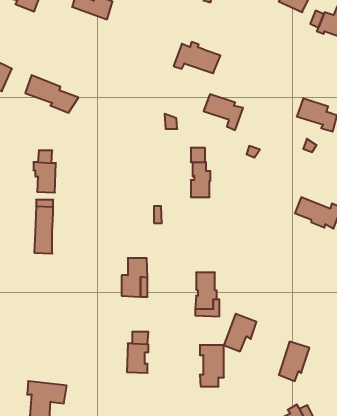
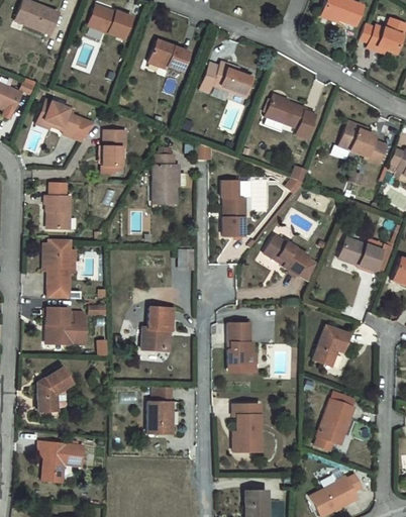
building: none -> [150,39,192,76]
building: [204,94,243,130] -> [270,97,314,137]
building: none -> [97,134,124,178]
building: none -> [153,150,185,200]
building: none -> [265,233,318,280]
building: none -> [43,309,83,345]
building: [224,314,256,351] -> [313,322,349,365]
building: none -> [37,370,72,413]

